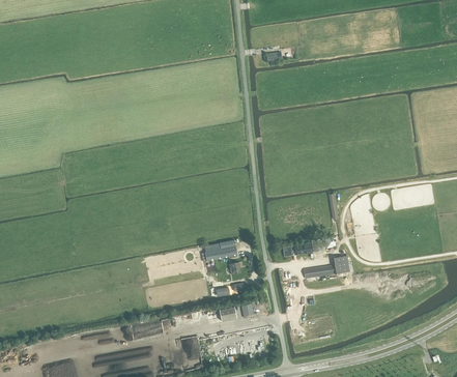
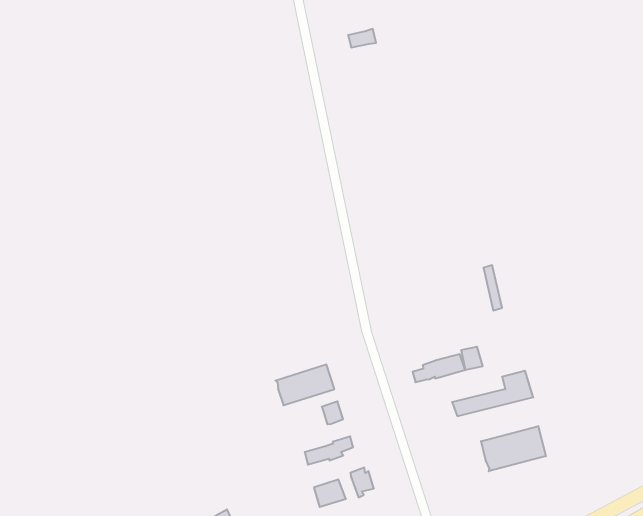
building: none -> [481,426,546,471]

